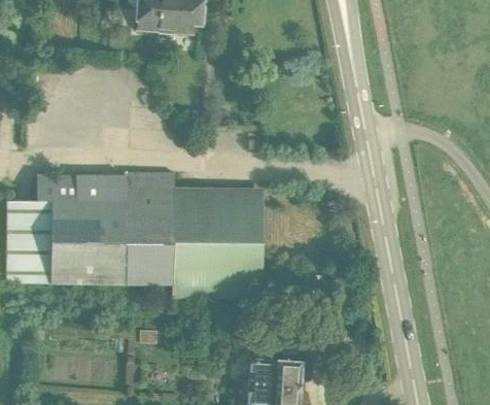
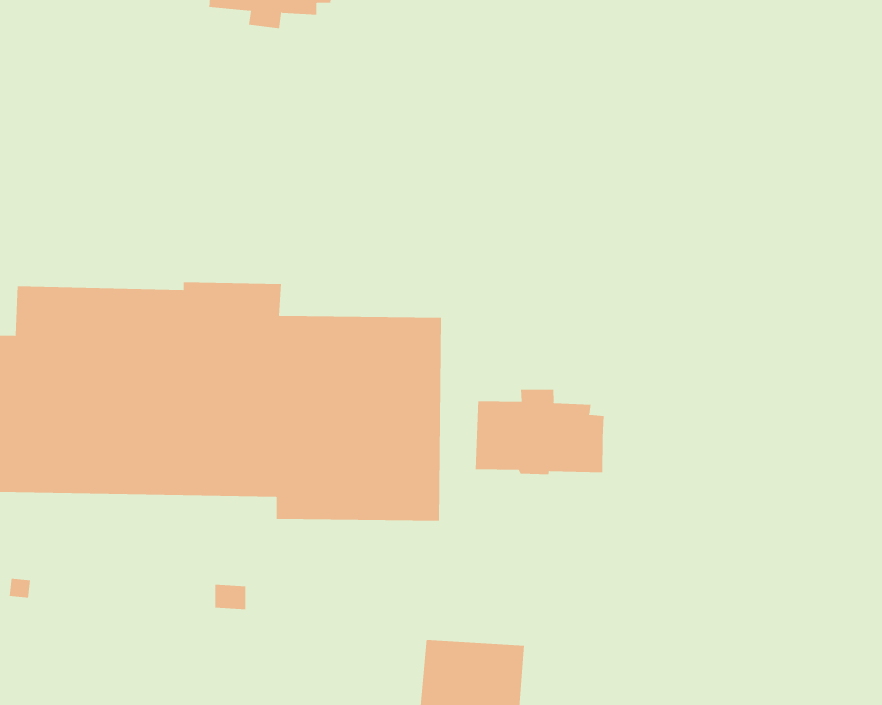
building: none -> [475,389,604,475]

